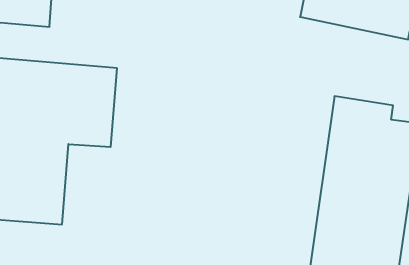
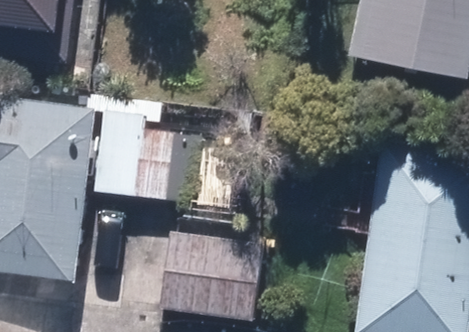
building: none -> [159,232,264,319]

